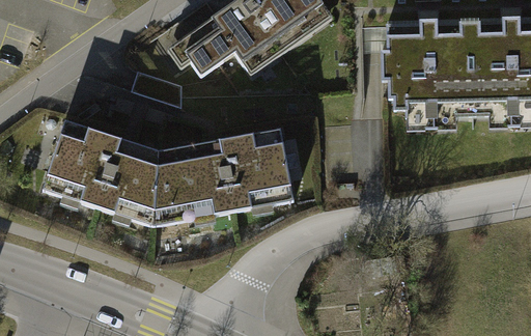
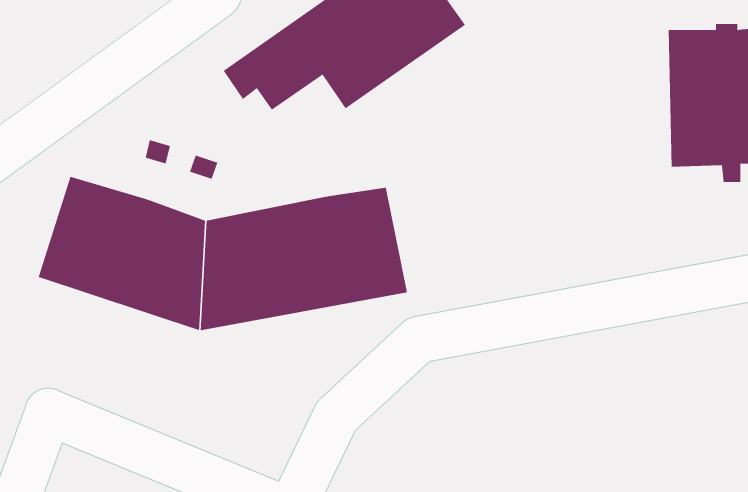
building: [382,19,473,127] -> none

